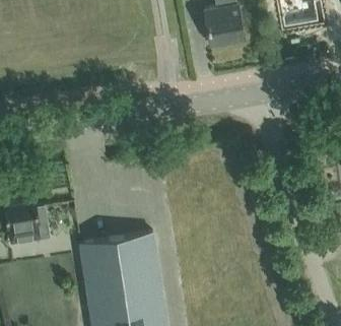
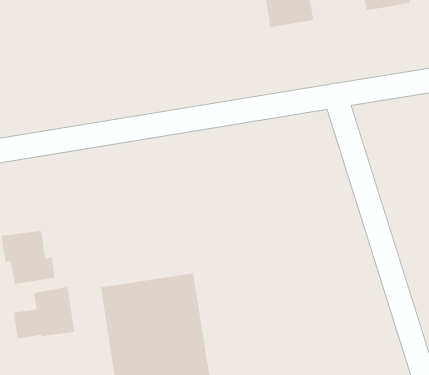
building: none -> [14,286,75,339]

